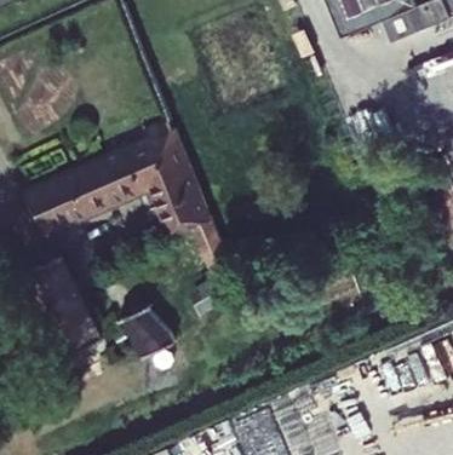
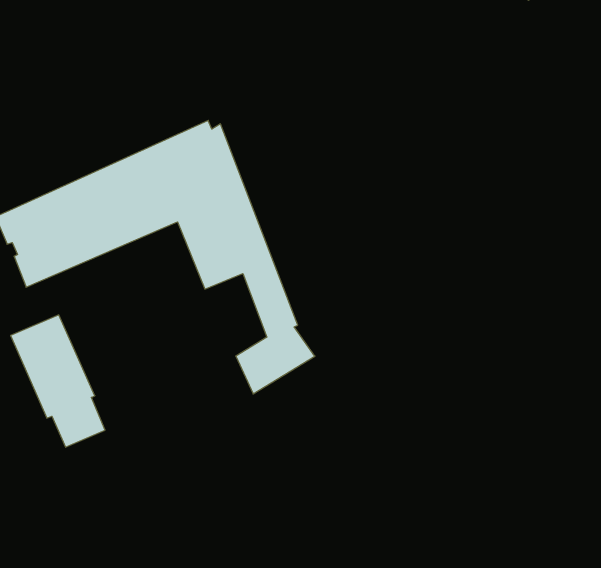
building: [121,301,174,357] -> none

